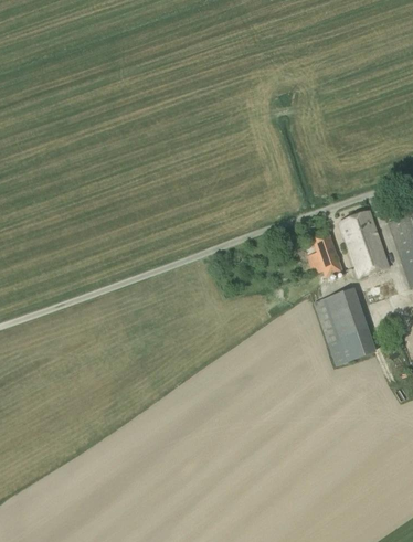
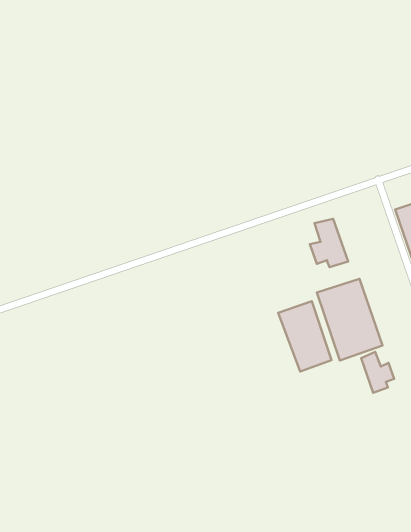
building: [338,211,389,278] -> [278,301,331,372]
building: none -> [361,352,394,393]

